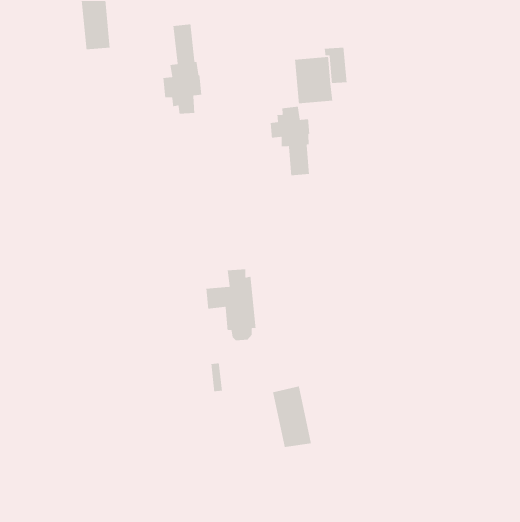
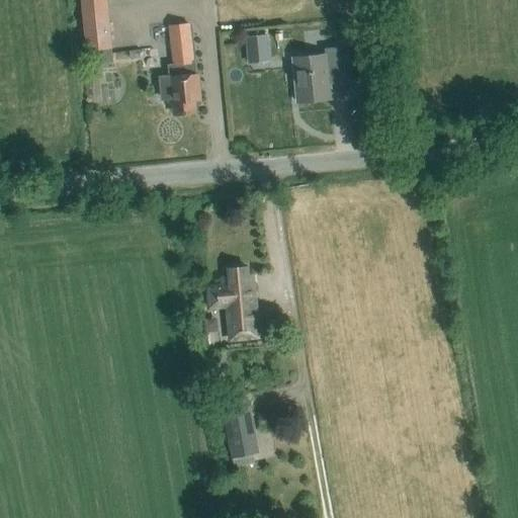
building: none -> [243,34,268,64]
building: [270,106,310,176] -> none
building: [272,386,312,448] -> [221,395,260,456]

